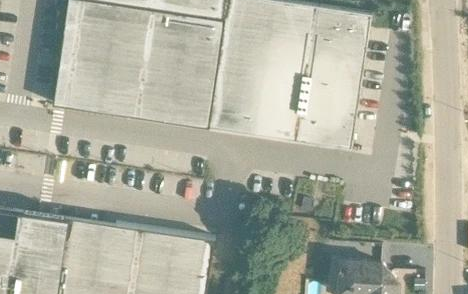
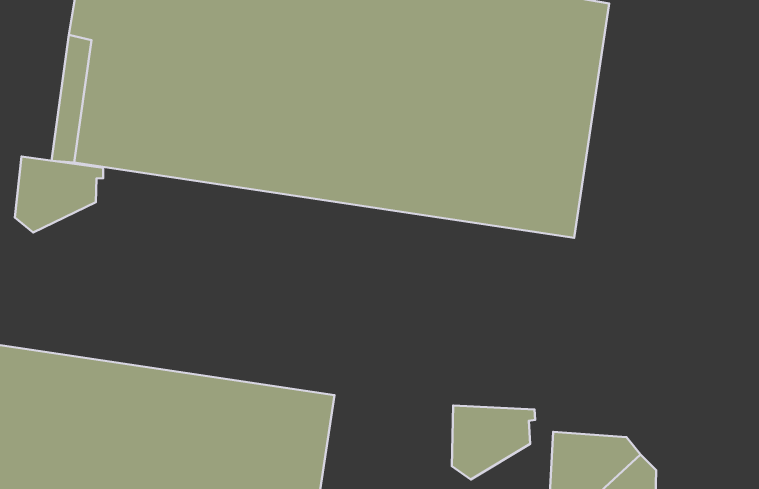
building: none -> [15,157,103,233]
building: none -> [452,405,535,479]

